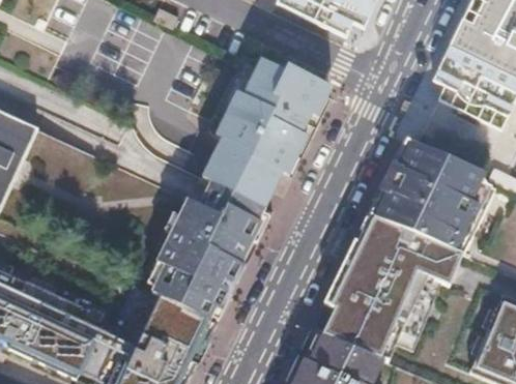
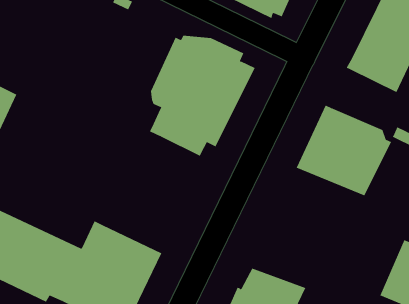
building: [141,180,268,320] -> none
building: [320,217,456,361] -> none

